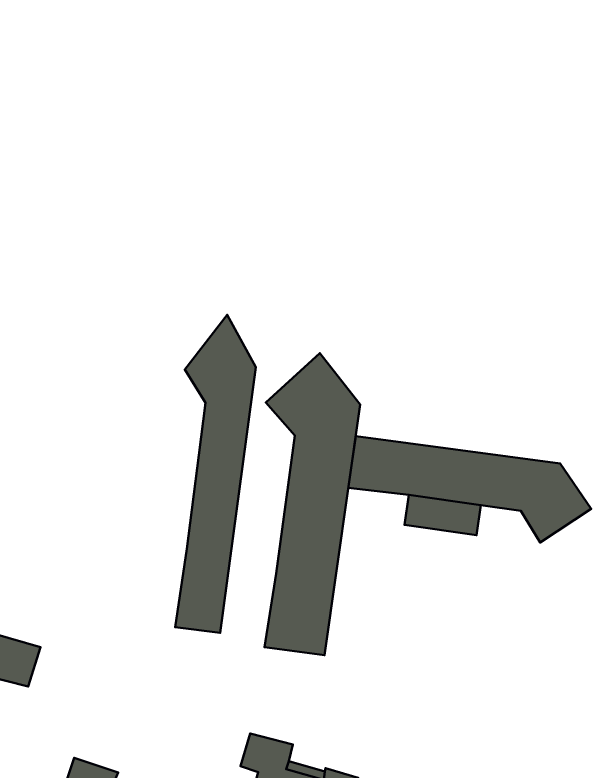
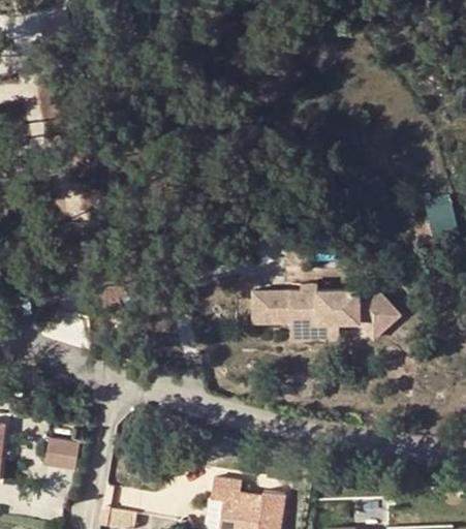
building: [175,315,256,633] -> none
building: [264,353,360,655] -> none

